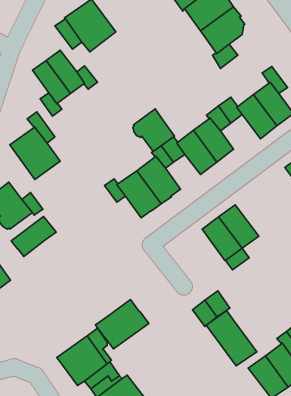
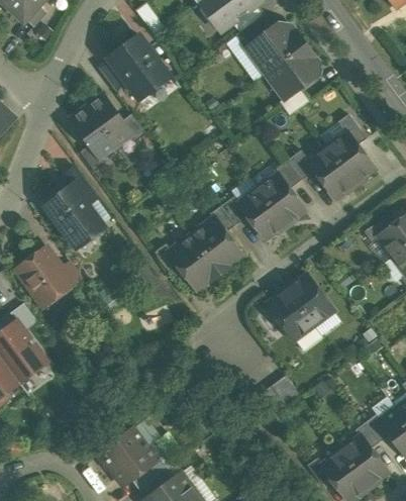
building: [133,109,174,151] -> none
building: [11,216,56,256] -> none
building: [95,300,149,349] -> none
building: [206,311,257,366] -> none

